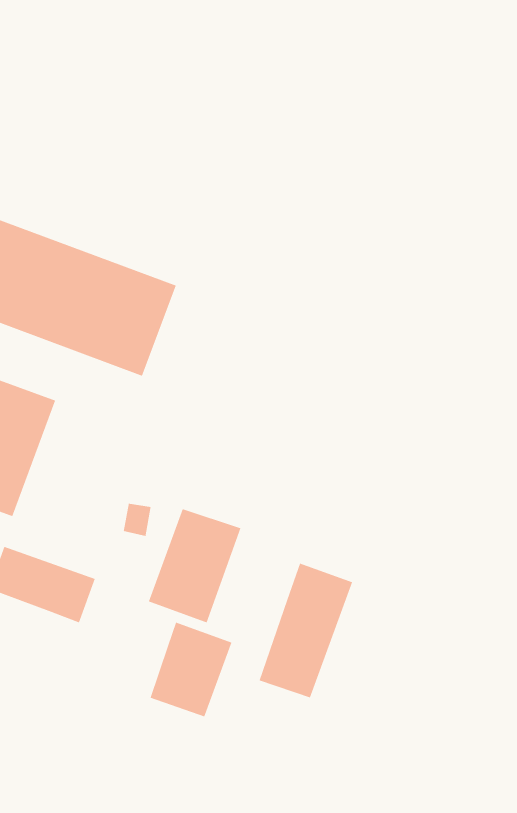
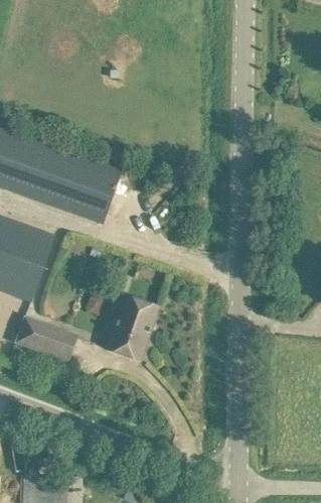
building: [258,562,353,699] -> none
building: [149,622,233,718] -> none

